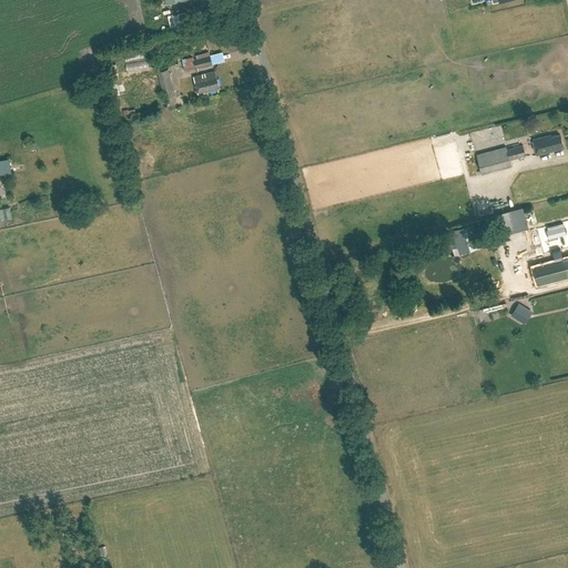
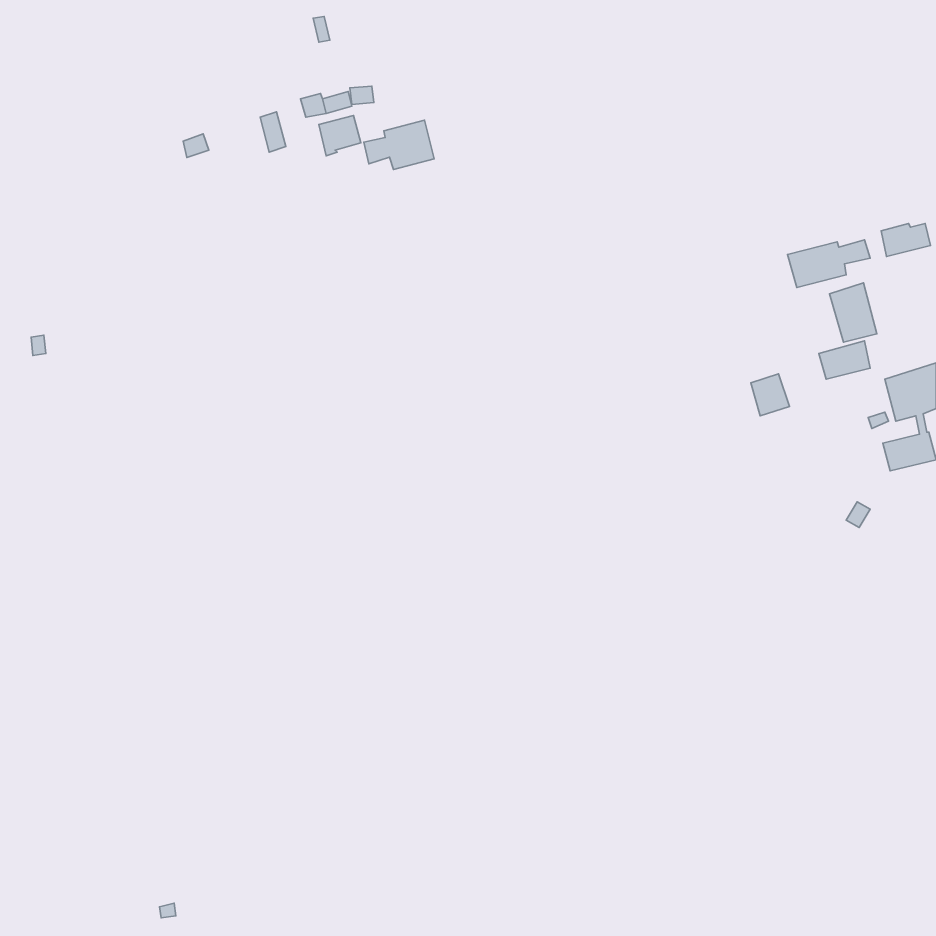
building: none -> [364,120,434,169]
building: none -> [829,283,877,342]

